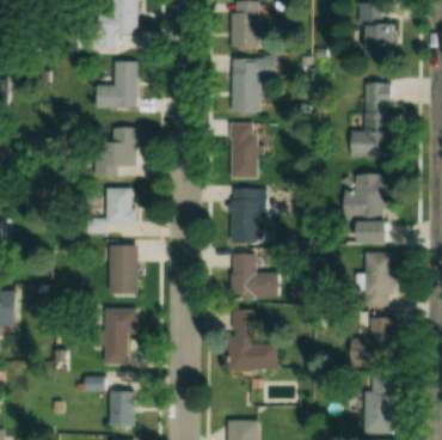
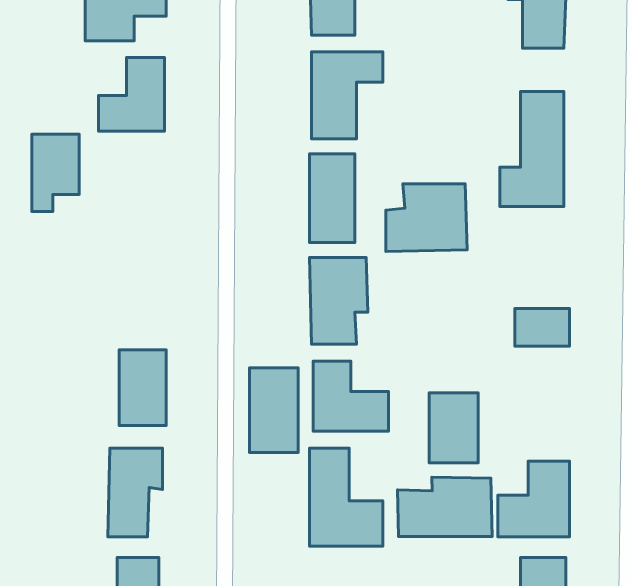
building: [106,127,136,176] -> [32,134,79,211]
building: [344,173,395,216] -> [386,184,467,252]
building: [106,188,135,225] -> none
building: [363,252,394,297] -> [429,393,478,463]
building: none -> [250,368,298,452]
building: none -> [397,477,492,537]

